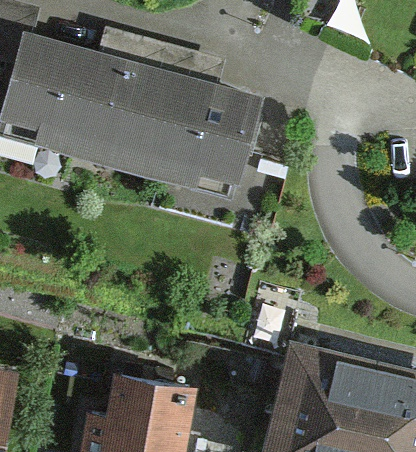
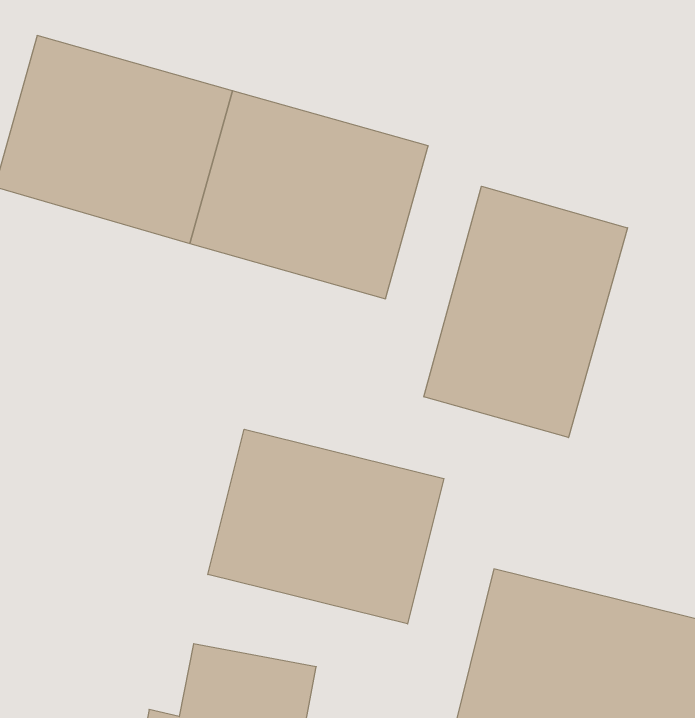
building: none -> [424,186,628,438]
building: none -> [208,429,444,624]

